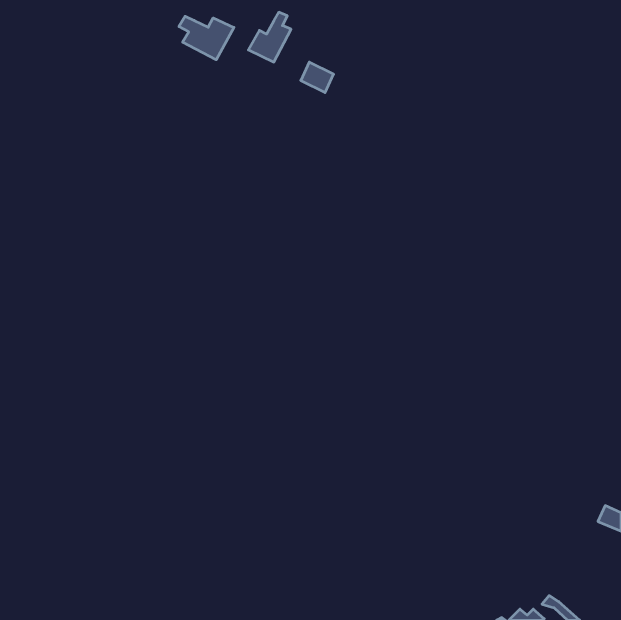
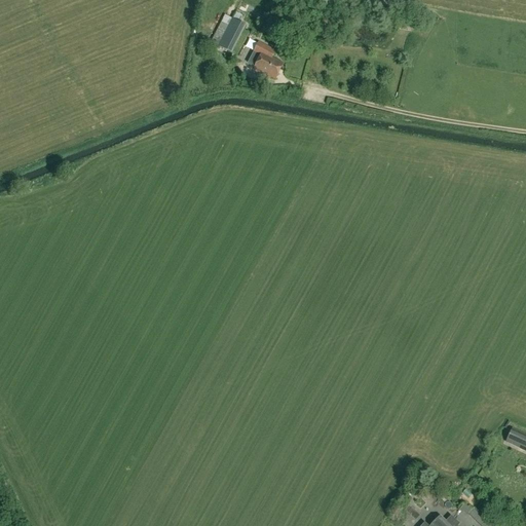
building: [179,16,234,60] -> none

